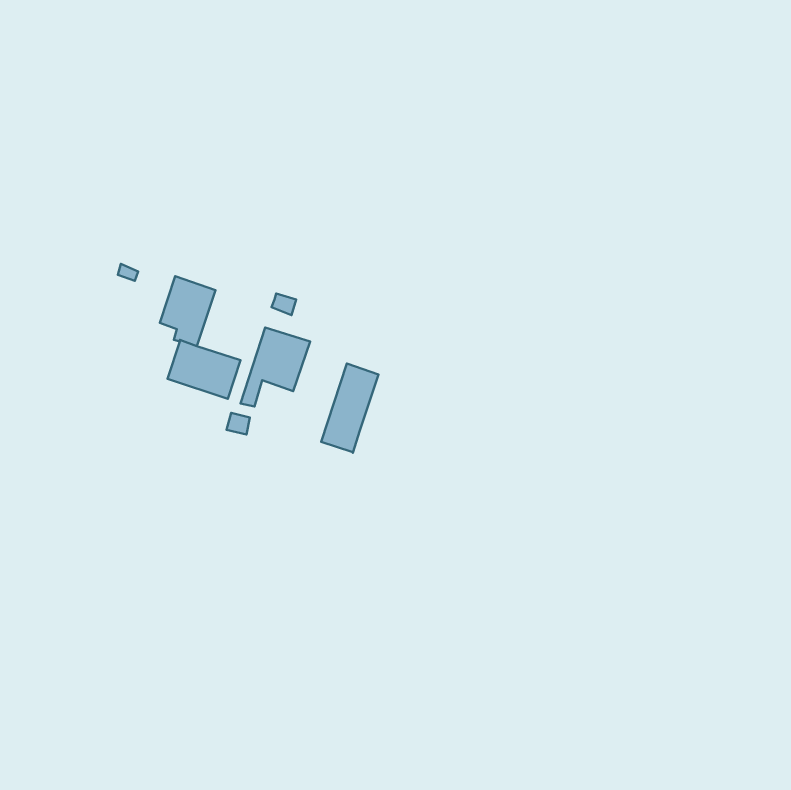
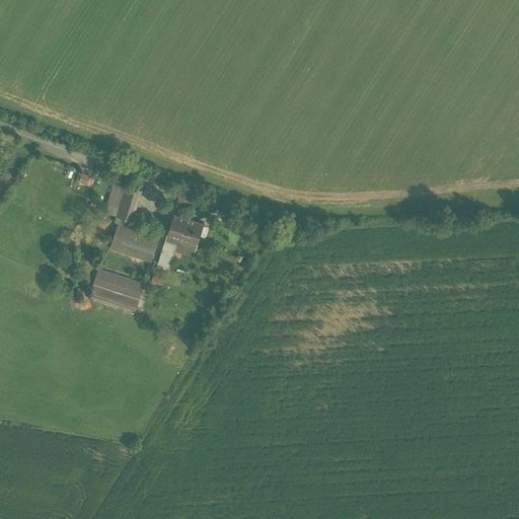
building: [321,363,379,453] -> none
building: none -> [90,271,143,308]

